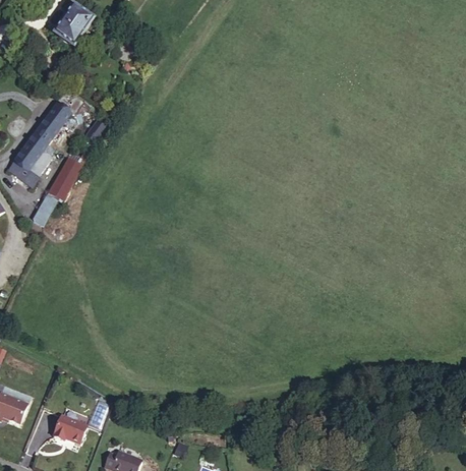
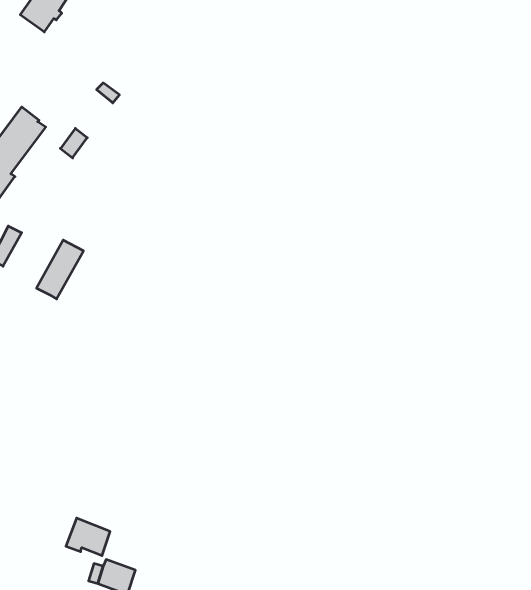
building: [46,157,81,201] -> [37,240,83,299]
building: [53,413,86,441] -> [66,518,110,556]

